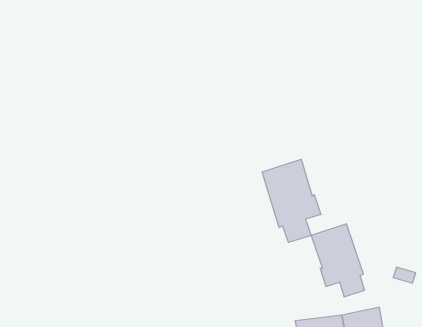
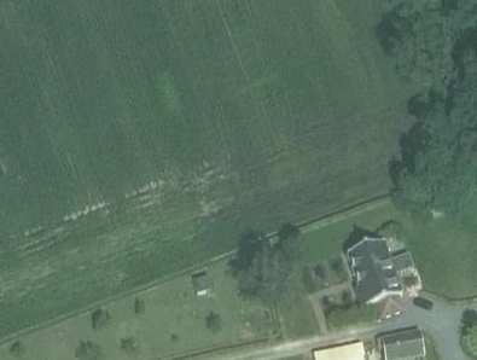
building: [262,159,321,242] -> none

